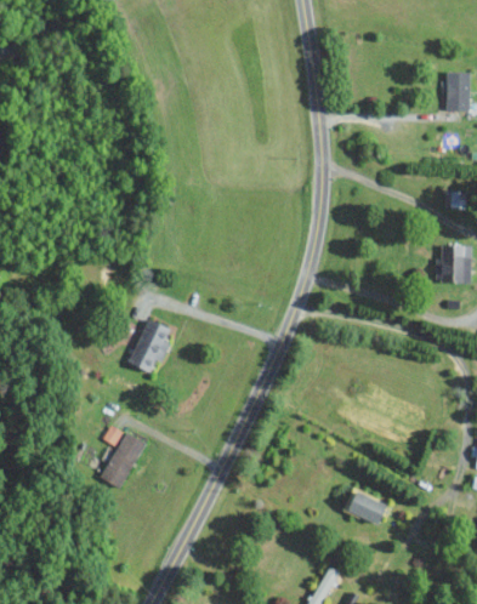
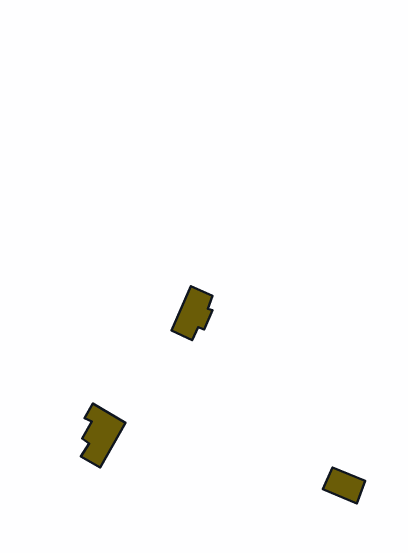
building: [129,319,170,374] -> [172,286,213,340]

